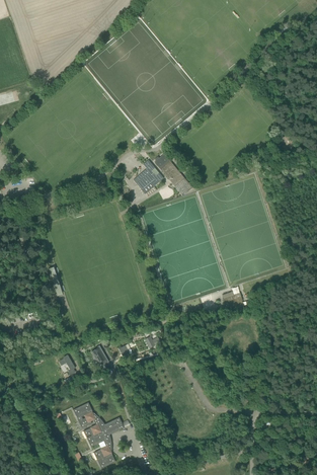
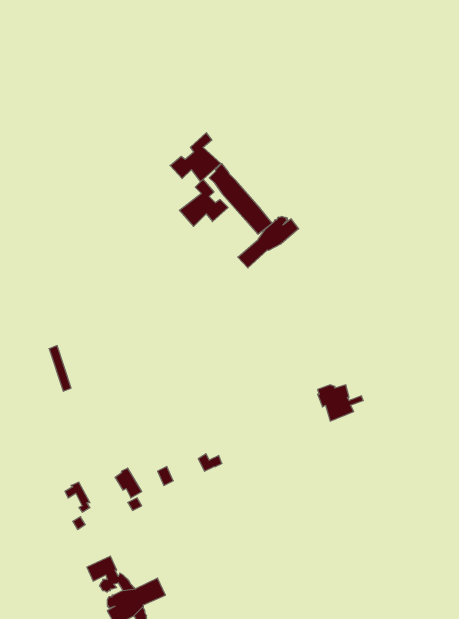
building: none -> [170,133,221,182]
building: none -> [238,216,299,268]

